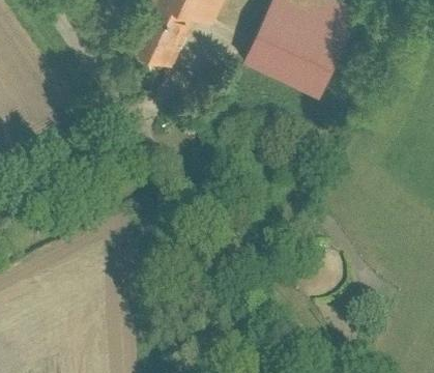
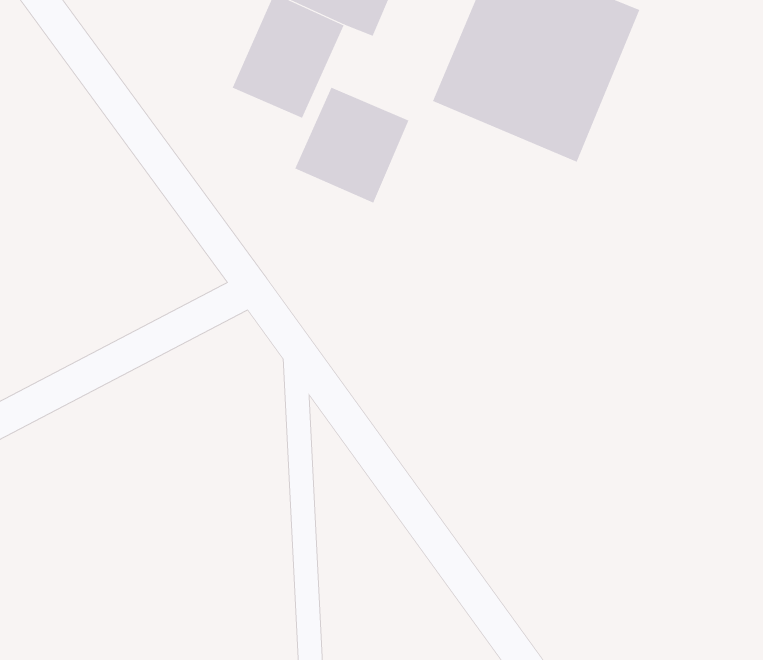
building: none -> [295,87,409,204]

